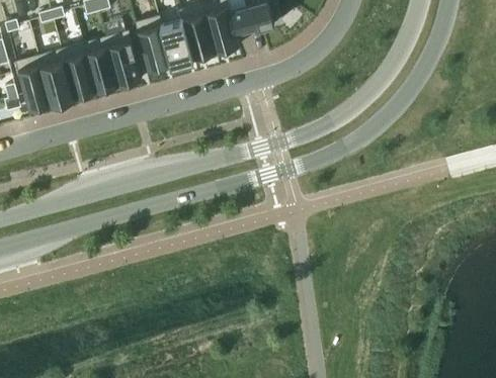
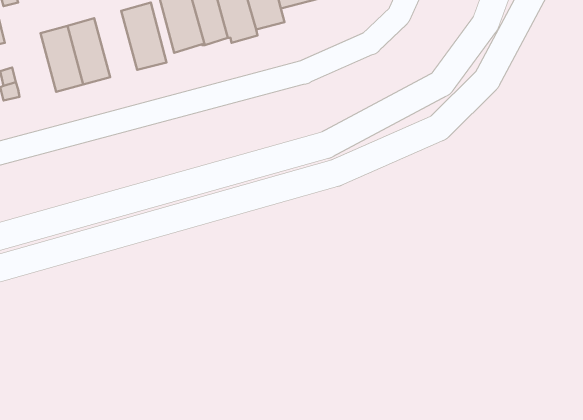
building: [82,37,118,96] -> none
building: [15,56,51,110] -> none

